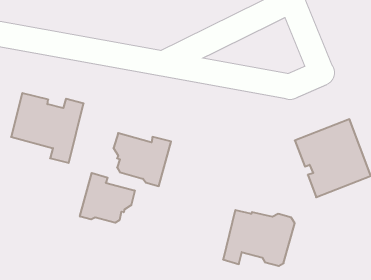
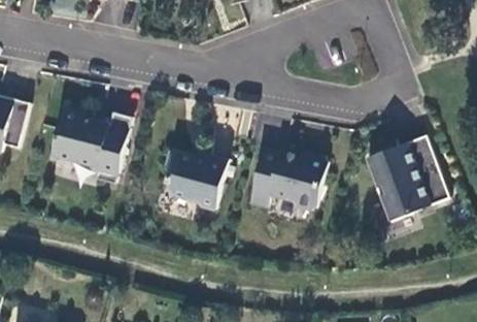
building: [80,173,135,223] -> none
building: [223,210,295,266] -> [248,149,328,211]

